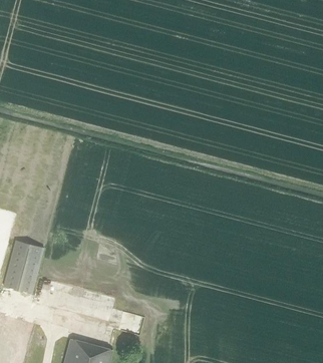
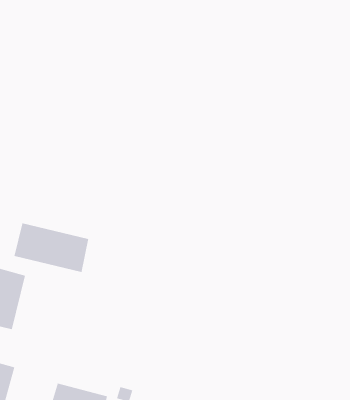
building: none -> [14,222,89,273]

